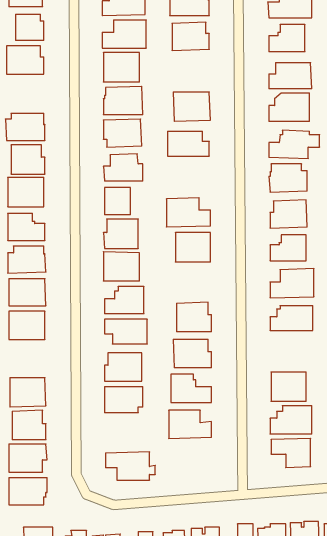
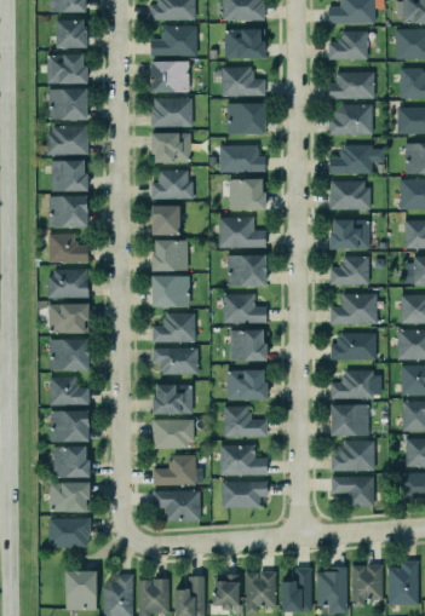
building: none -> [222,67,265,96]
building: none -> [50,88,87,120]
building: none -> [229,178,266,211]
building: none -> [224,294,266,323]
building: none -> [331,370,374,399]
building: none -> [51,376,90,404]
building: none -> [154,455,203,485]
building: none -> [223,482,268,508]

